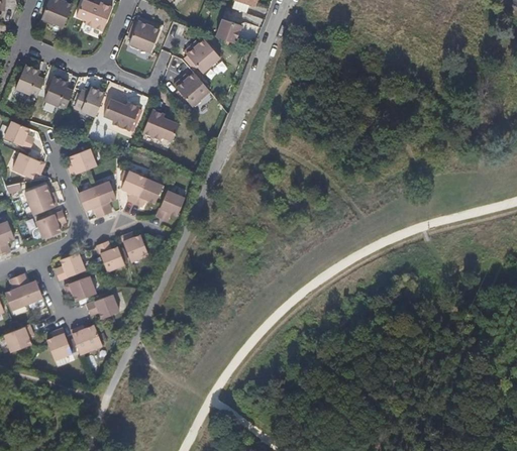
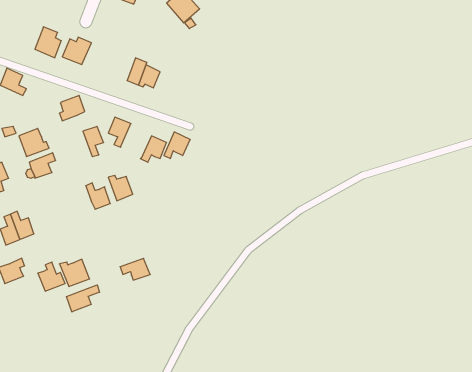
building: [15,65,43,97] -> none
building: [175,72,210,105] -> none
building: [103,99,139,130] -> none
building: [14,152,45,179] -> none
building: [135,180,164,208] -> [164,132,190,158]
building: [80,188,105,218] -> none
building: [57,253,85,280] -> none
building: [65,276,96,302] -> none
building: [87,296,119,319] -> [120,258,150,280]
building: none -> [67,285,100,312]

